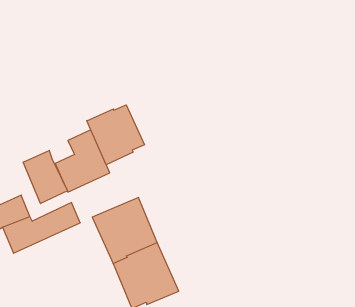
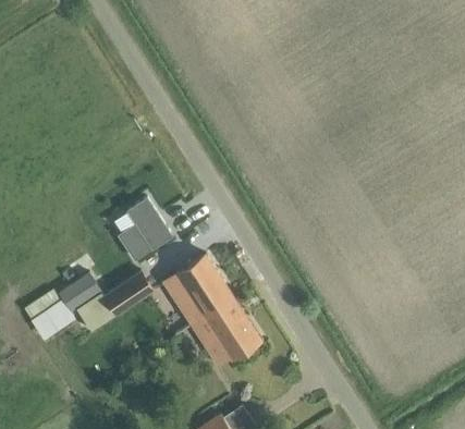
building: [87,105,145,165] -> none
building: [23,150,67,204] -> none

